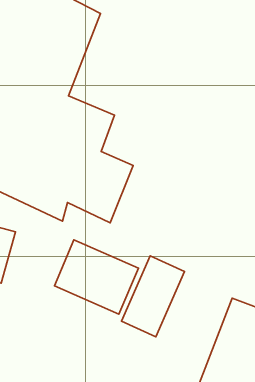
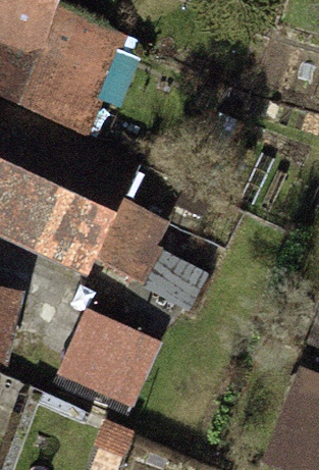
building: [122,256,185,337] -> none

